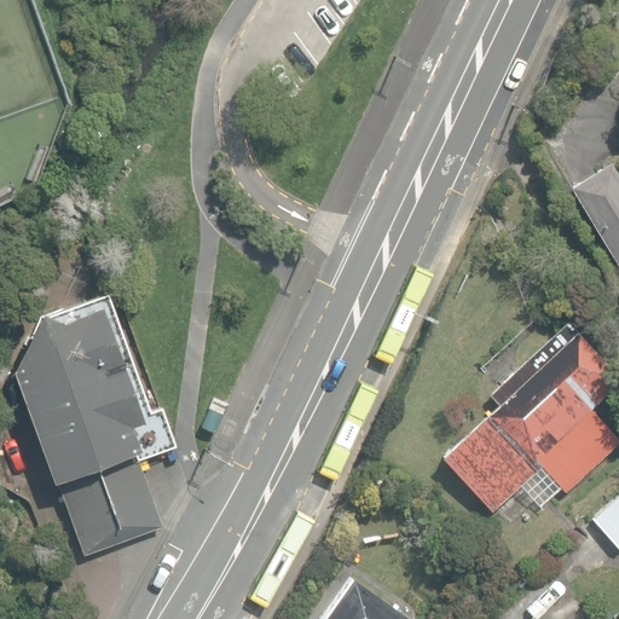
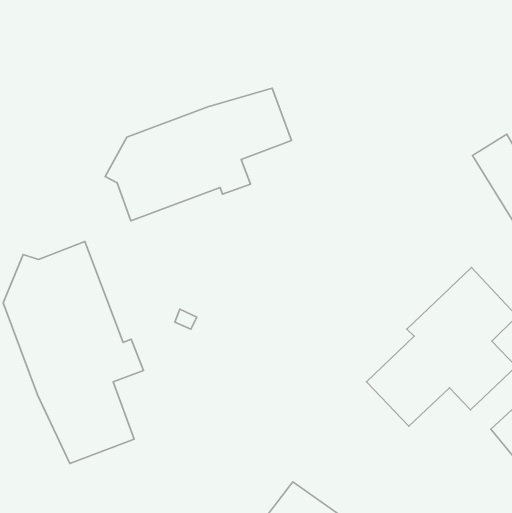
building: none -> [105,88,292,221]

